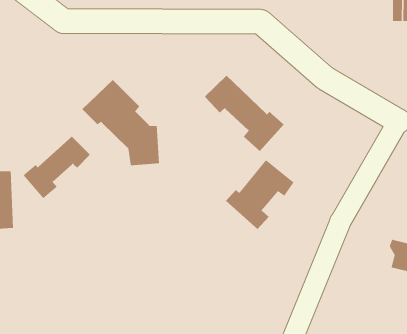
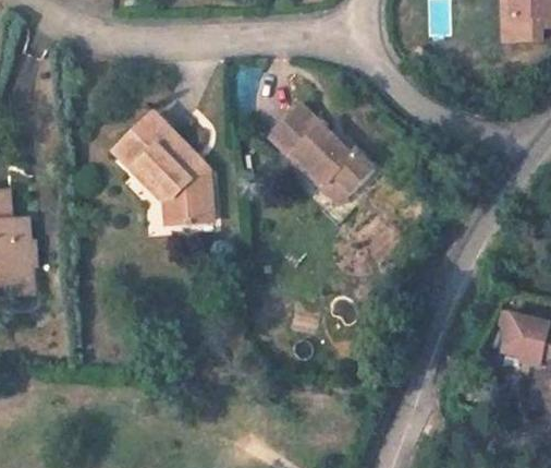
building: [23,136,91,199] -> none
building: [225,159,295,230] -> none

